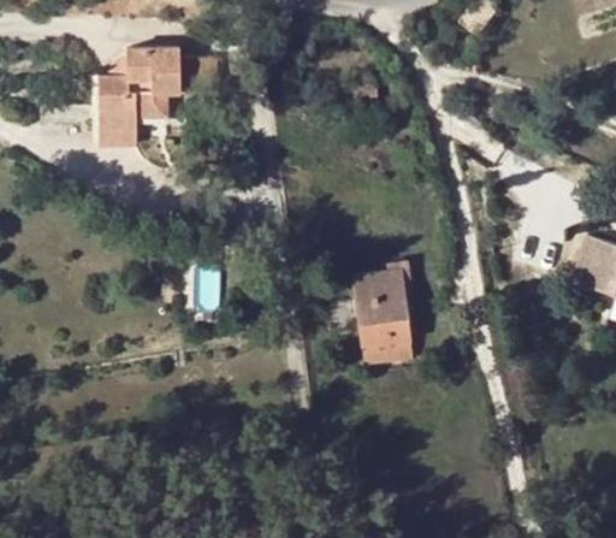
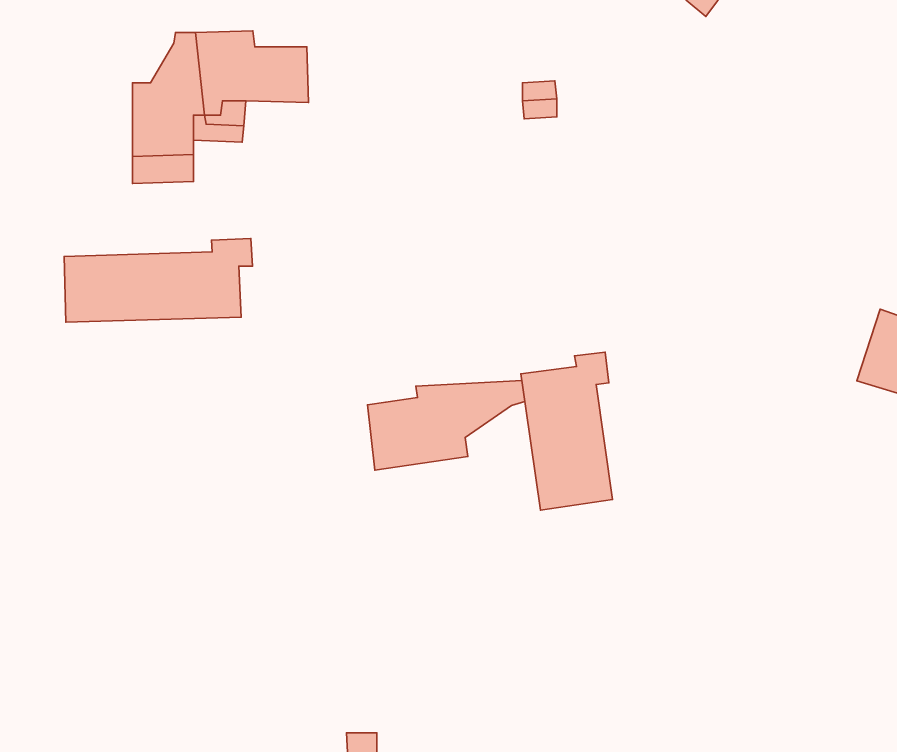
building: none -> [64,238,253,322]
building: none -> [368,381,525,470]

